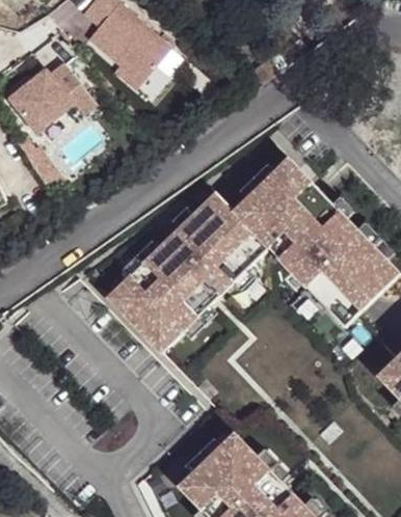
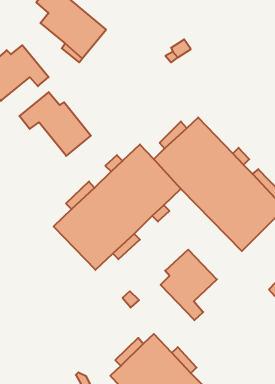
building: none -> [19,92,91,156]
building: none -> [161,250,217,320]

